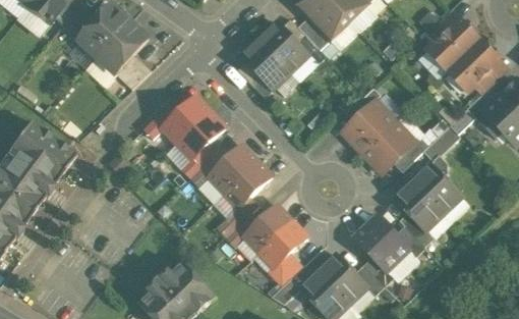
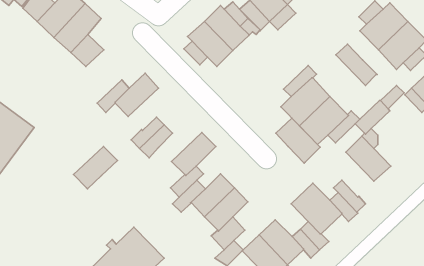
building: none -> [336,44,377,85]
building: [176,112,224,158] -> [73,146,118,189]
building: [209,145,255,192] -> none
building: [394,181,442,230] -> [276,118,320,163]

